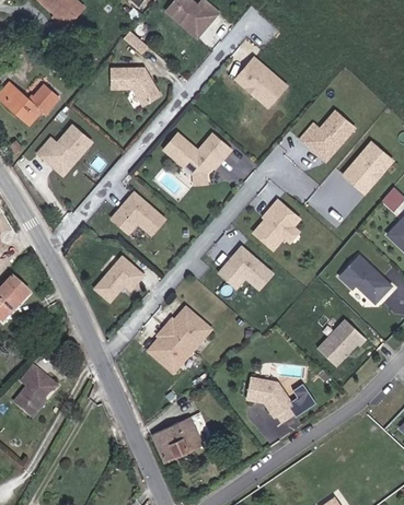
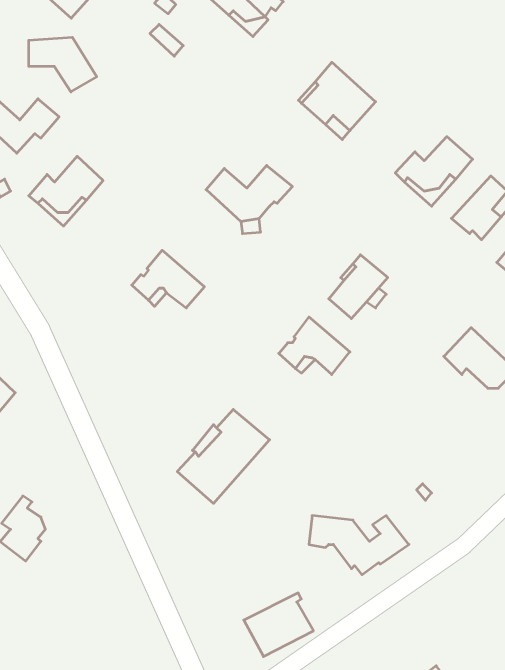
building: [111,67,160,106] -> [29,37,97,92]
building: [93,258,143,304] -> none
building: [315,315,363,361] -> none
building: [152,414,203,460] -> [244,593,313,657]

